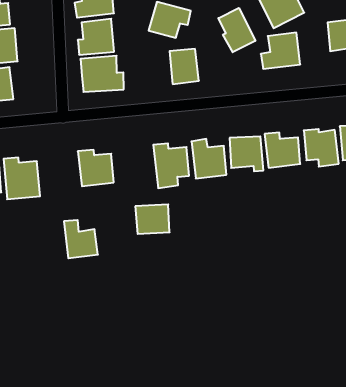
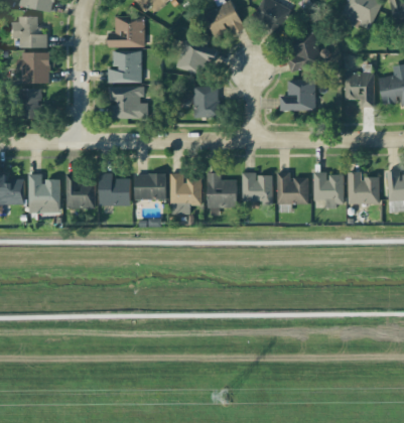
building: [218,8,255,52] -> none
building: [135,204,170,234] -> [135,173,166,200]
building: [64,220,98,258] -> [65,174,95,209]

